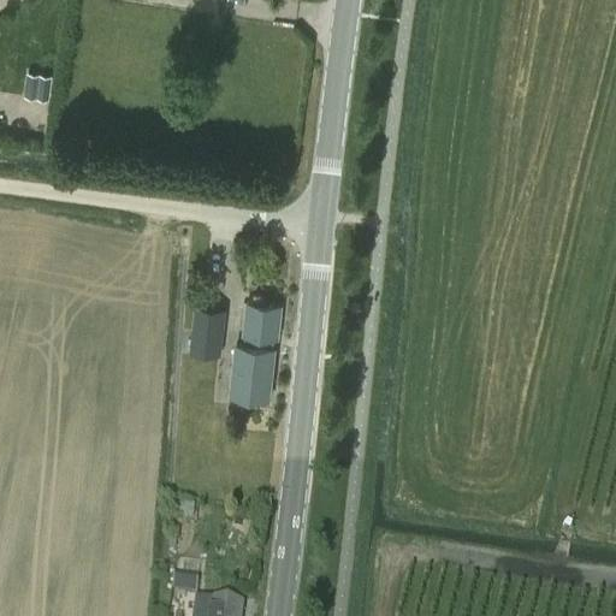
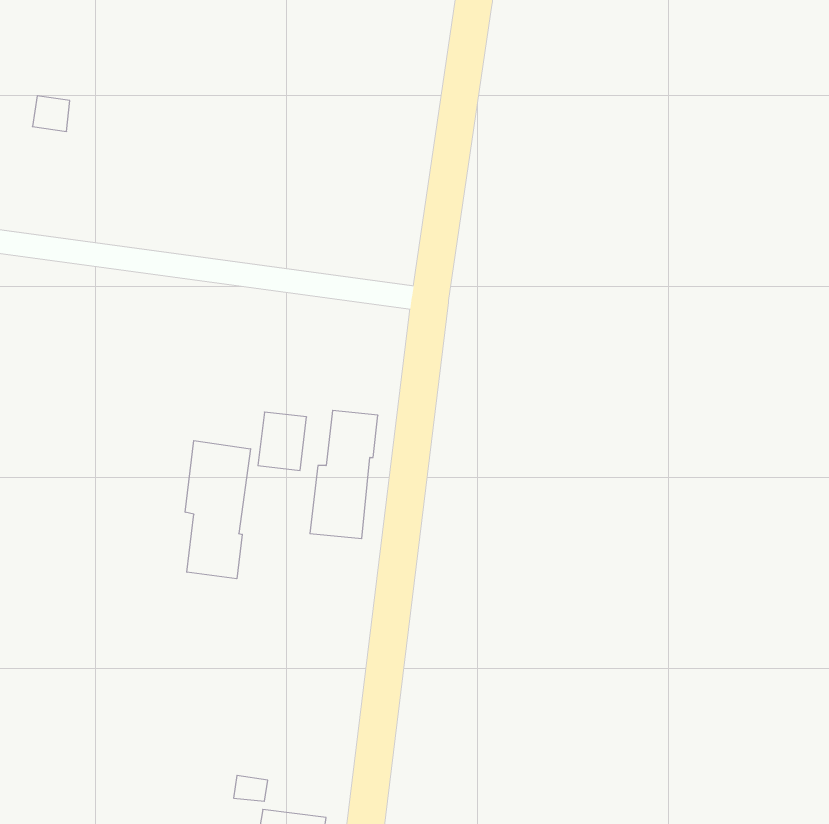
building: none -> [185,441,251,579]

